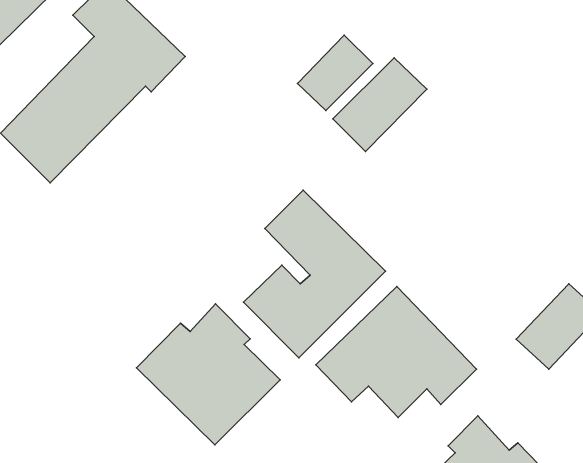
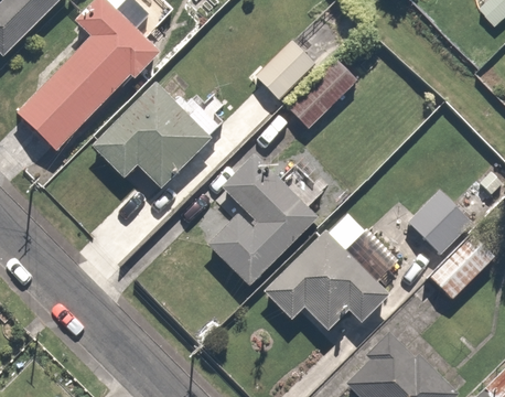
building: none -> [92,82,213,189]
building: none -> [399,190,461,250]
building: [136,304,280,445] -> none

